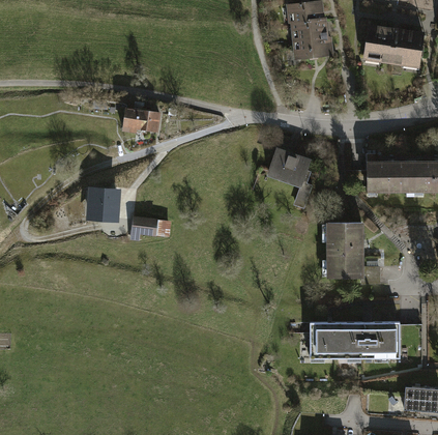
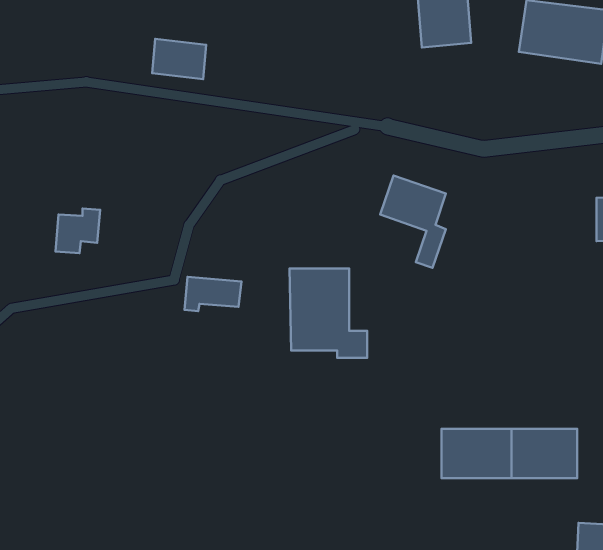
building: [122,107,159,135] -> [152,39,206,79]
building: [364,162,416,192] -> none
building: [91,186,122,218] -> [56,208,100,253]
building: [325,222,379,284] -> [290,268,367,358]

